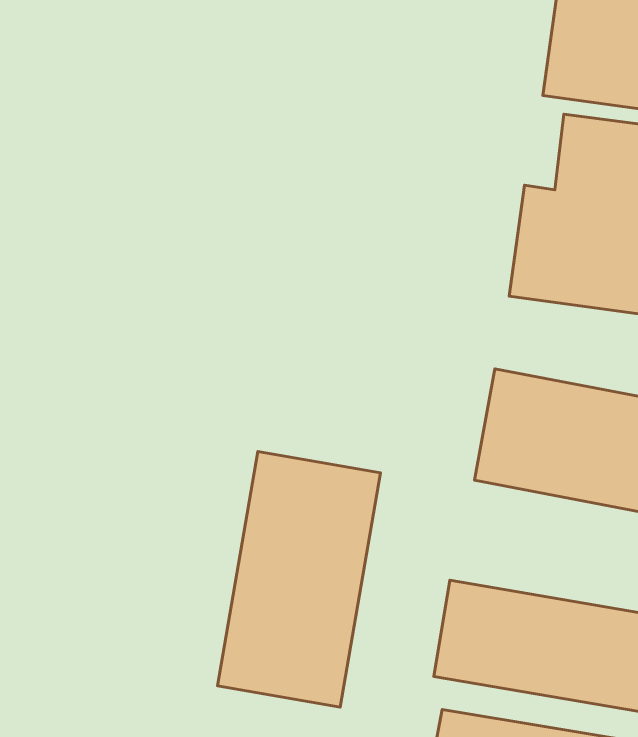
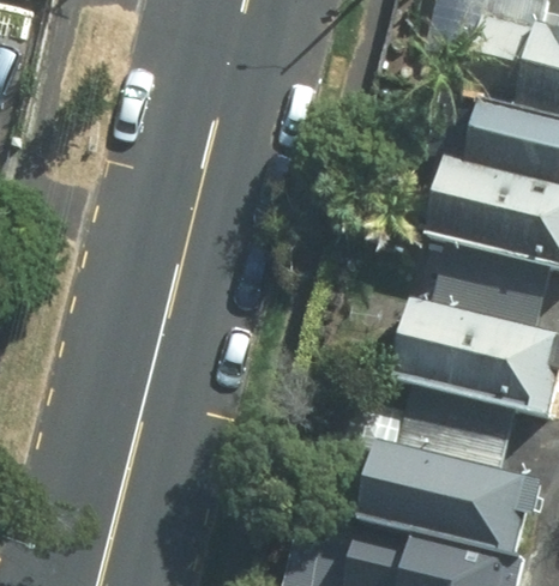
building: [218,451,380,707] -> none

